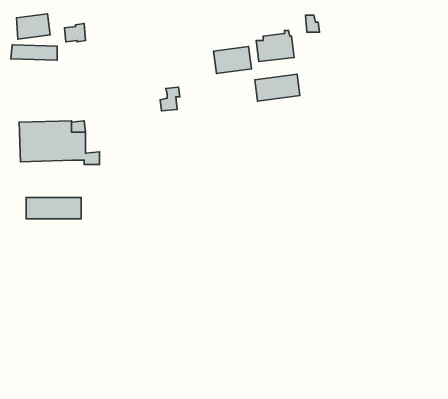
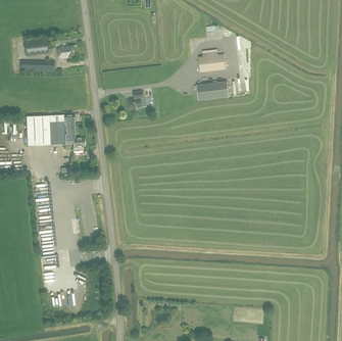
building: [213,46,251,74] -> none
building: [26,197,81,219] -> none

